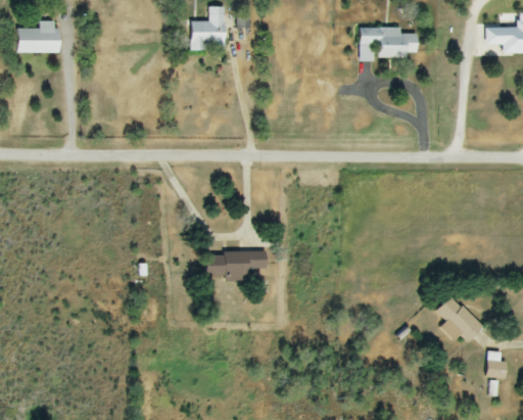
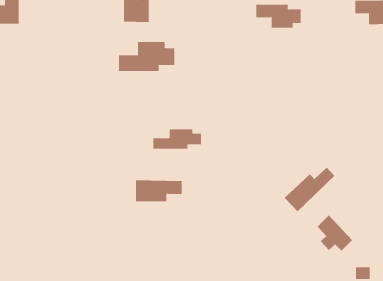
building: none -> [119,41,175,72]
building: none -> [153,128,202,149]
building: none -> [284,167,335,212]

